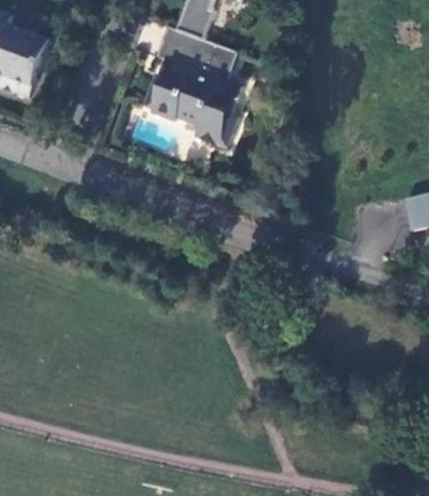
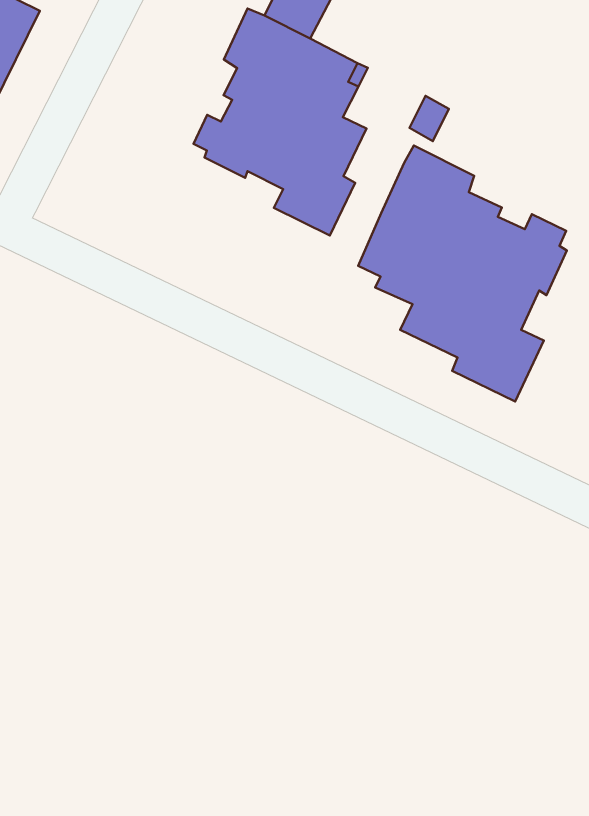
building: none -> [358,145,567,401]

